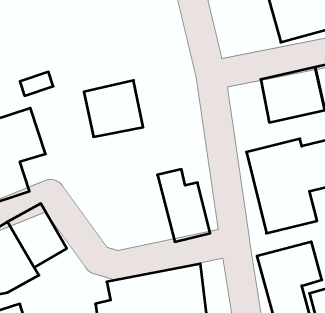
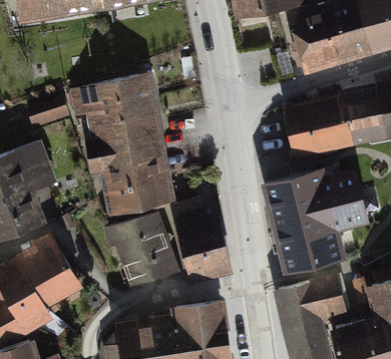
building: none -> [77,79,149,122]
building: none -> [107,159,167,213]
building: none -> [108,214,173,287]

